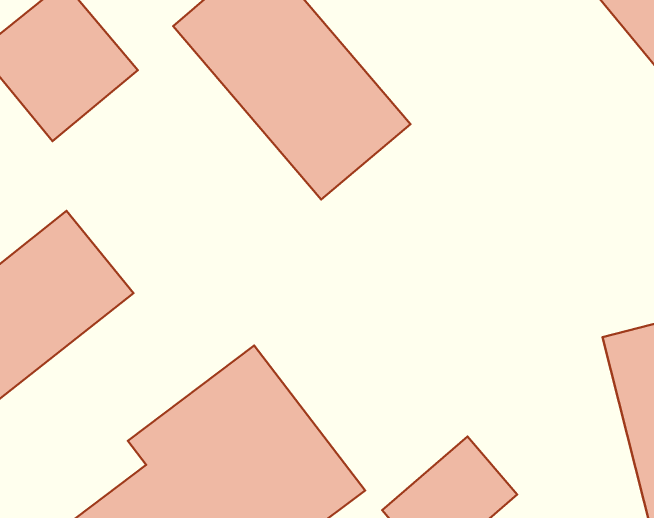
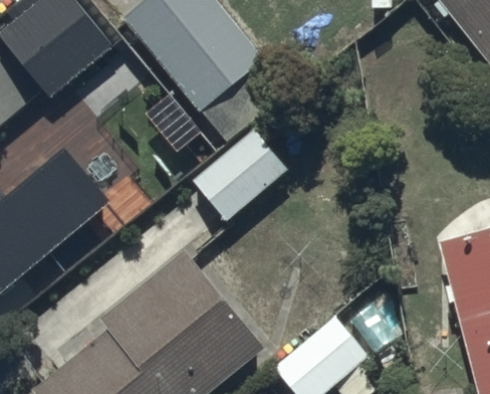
building: none -> [188,130,303,226]

